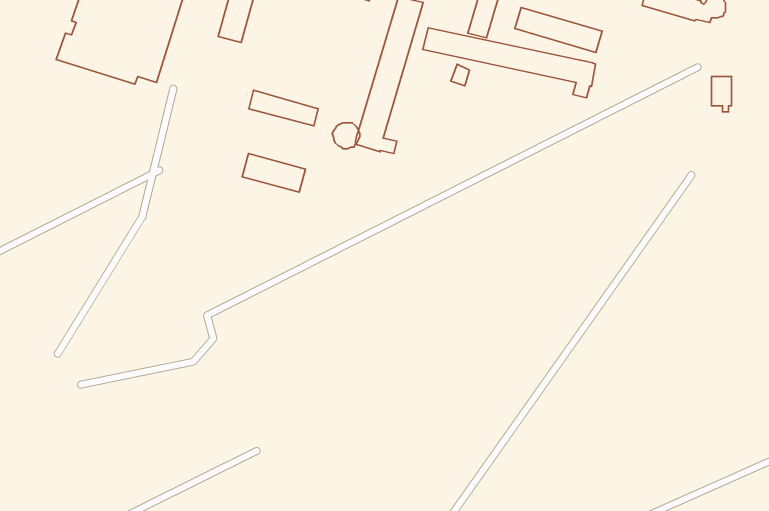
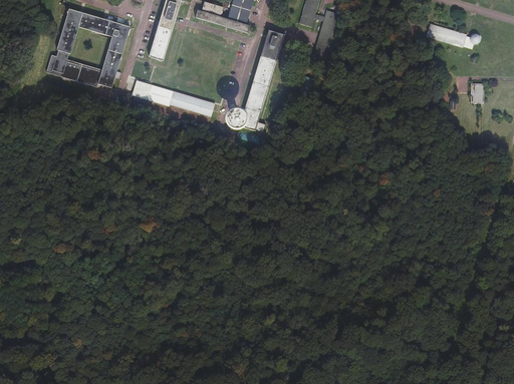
building: [515,7,602,52] -> none
building: [423,28,595,98] -> none
building: [242,154,305,192] -> [132,81,173,106]

